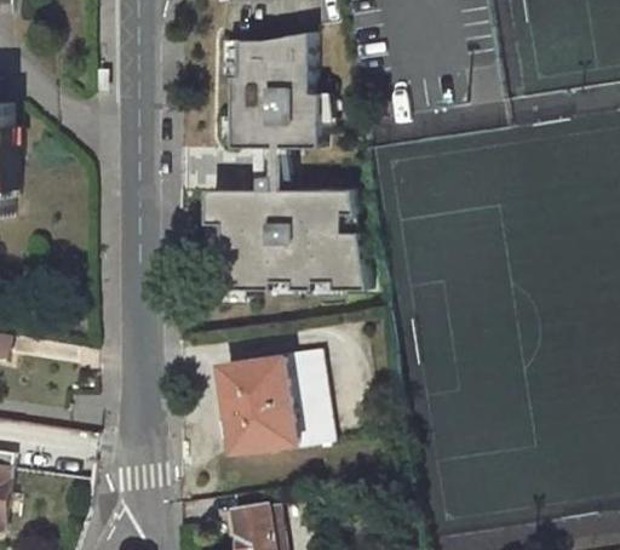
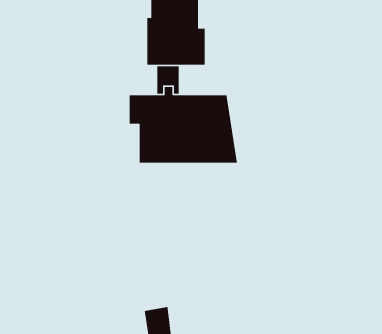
building: [219,346,326,448] -> none

